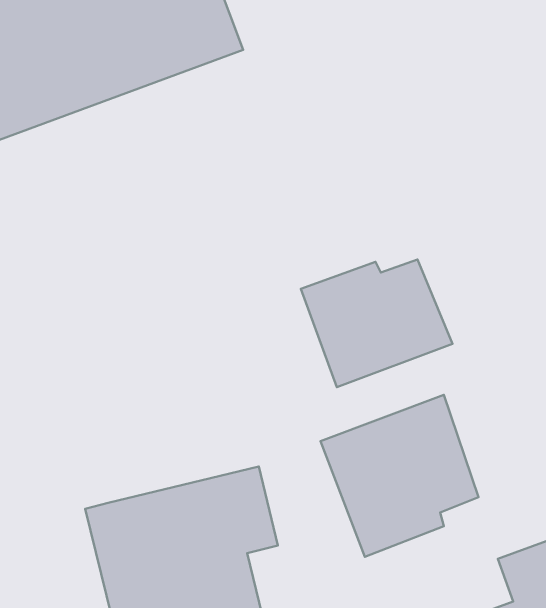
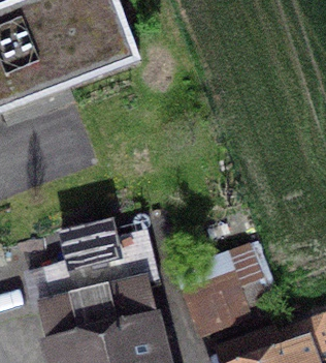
building: [301,260,452,387] -> none
building: none -> [53,230,127,305]

